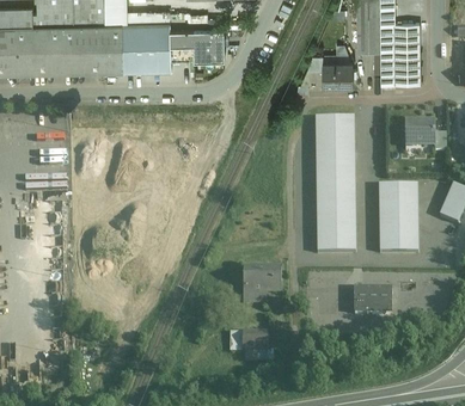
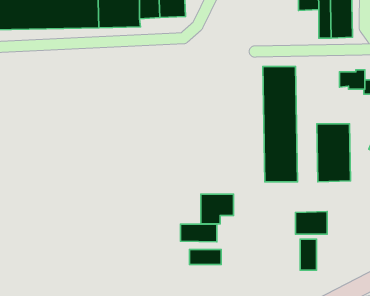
building: [322,61,353,85] -> none
building: none -> [181,224,217,242]
building: none -> [300,239,317,270]

